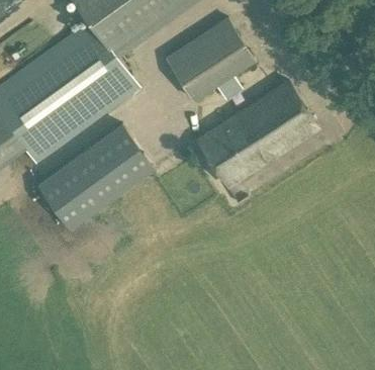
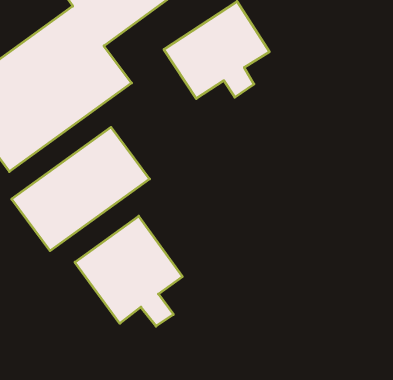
building: [198,83,317,187] -> none
building: none -> [75,216,182,326]

